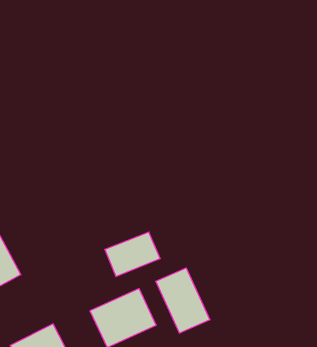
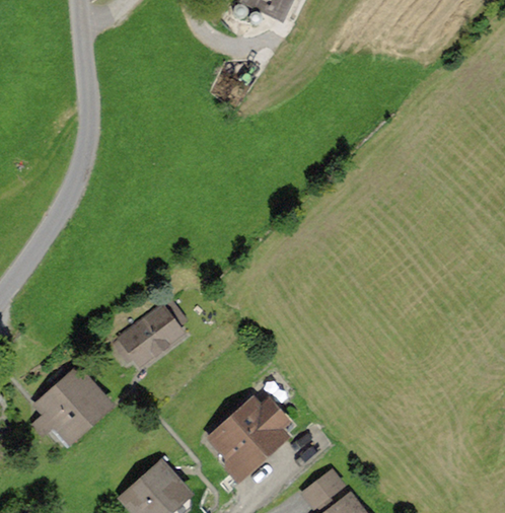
building: [105,232,160,277] -> [117,306,186,367]
building: [156,268,210,333] -> none

